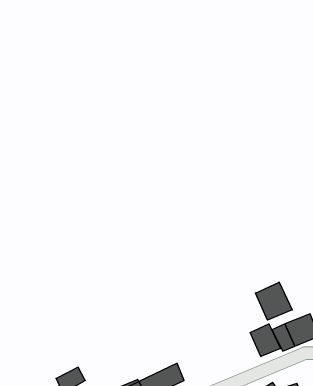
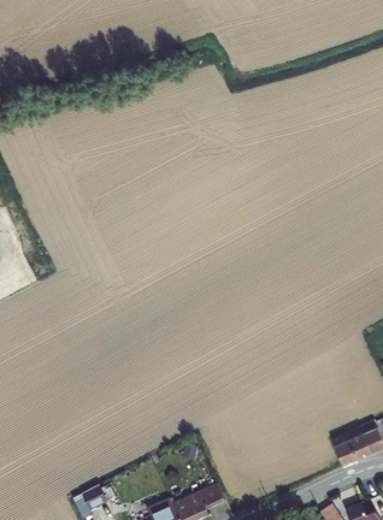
building: [255,282,292,320] -> none
building: [250,324,281,357] -> none

